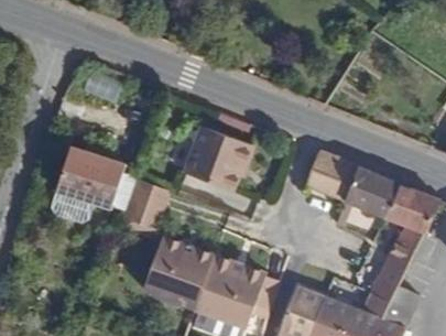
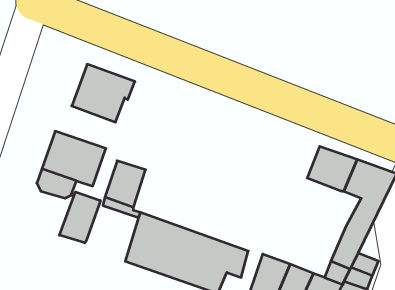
building: [185,132,253,195] -> [72,64,135,122]
building: [305,154,359,204] -> none
building: none -> [59,192,100,243]

